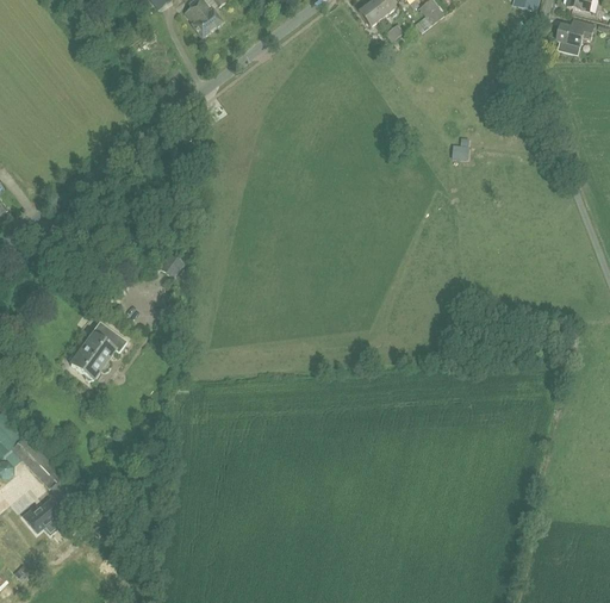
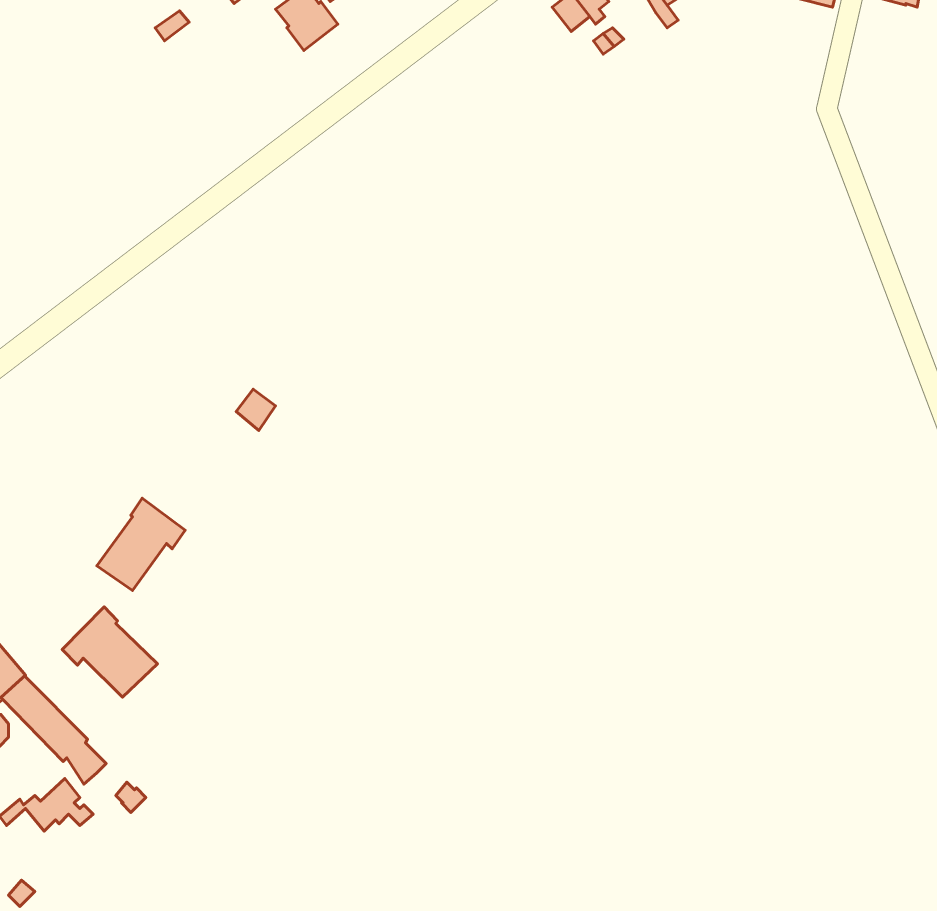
building: [556,18,595,54] -> none
building: none -> [62,607,157,697]

